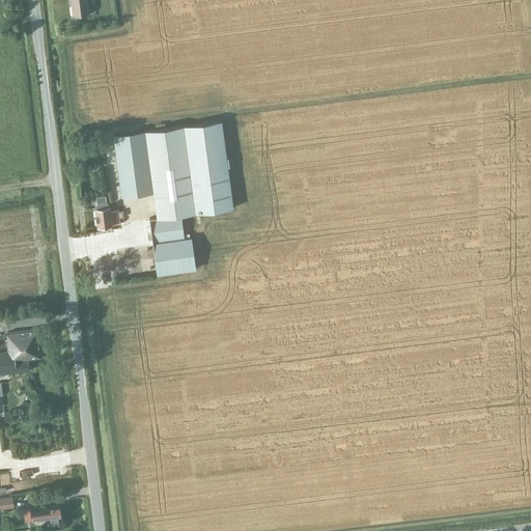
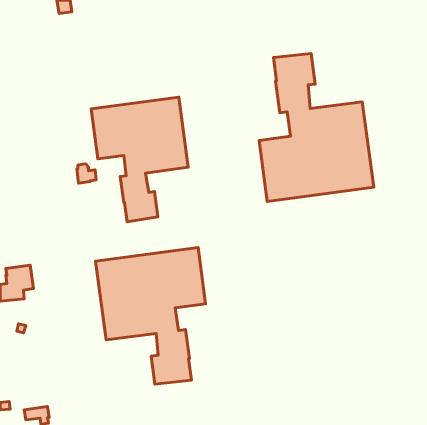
building: none -> [259,54,374,202]
building: none -> [95,248,206,384]

